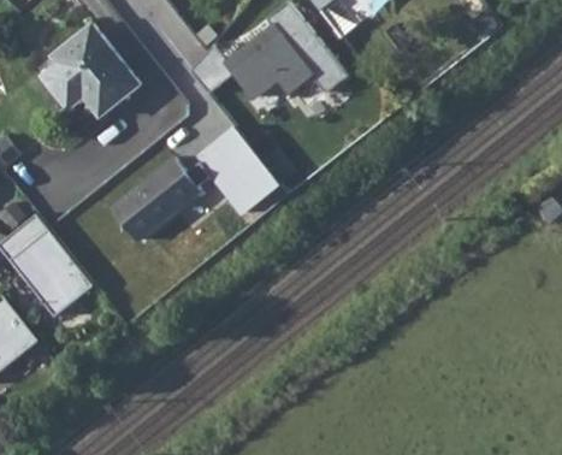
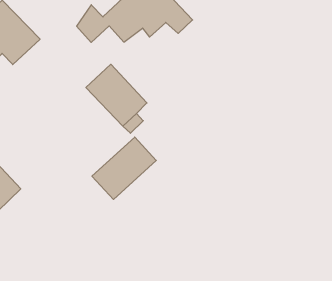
building: [113,158,203,241] -> [92,137,156,199]

